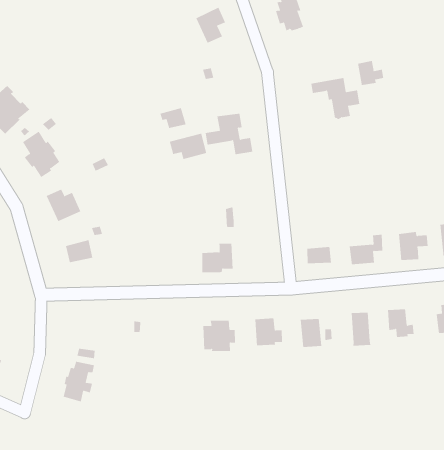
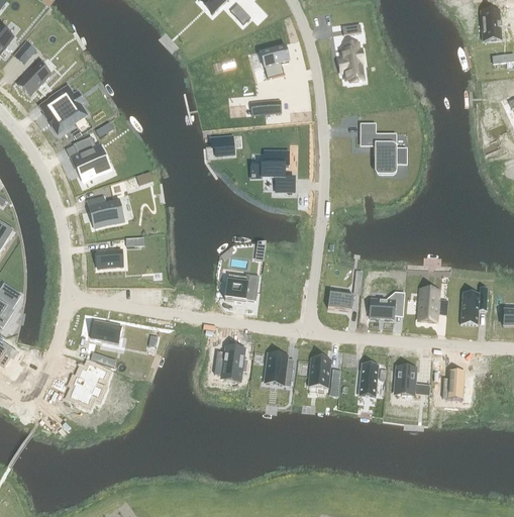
building: [358,60,384,86] -> none
building: [169,133,207,160] -> none
building: none -> [91,319,121,342]

